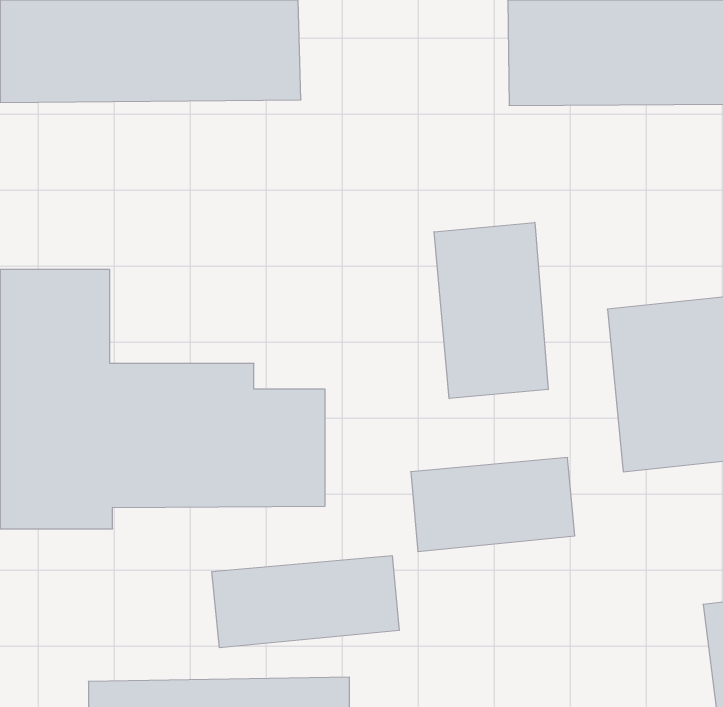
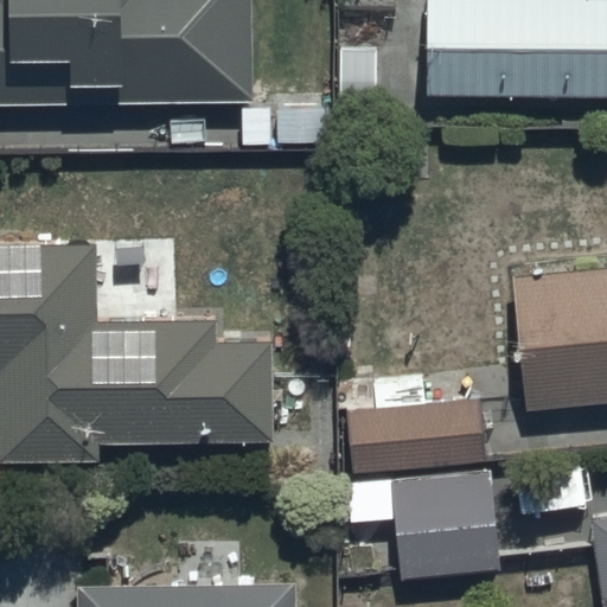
building: [434,222,548,399] -> none
building: none -> [344,464,499,579]
building: [212,556,399,648] -> none

